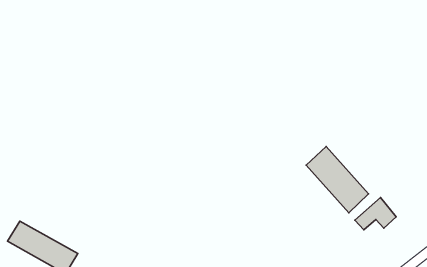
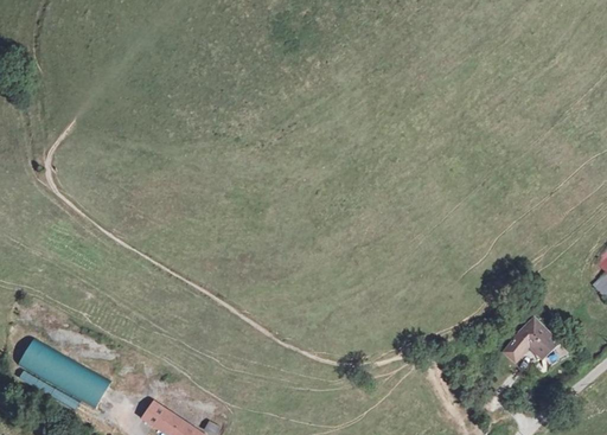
building: [306,146,369,213] -> none

